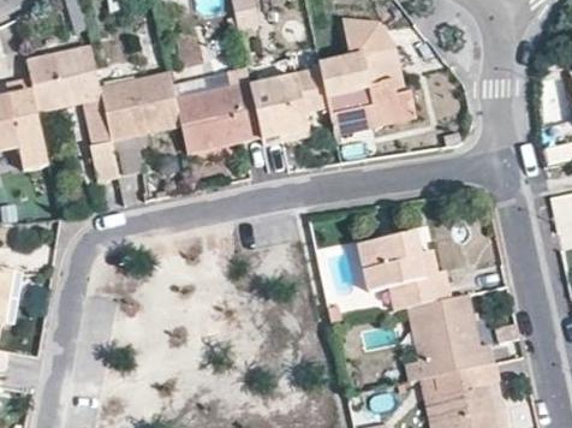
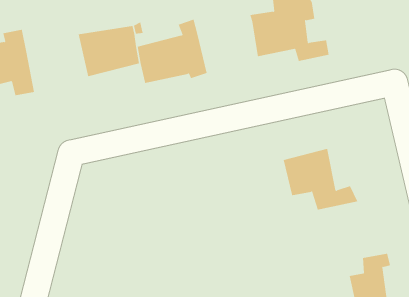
building: [28,49,118,182] -> none
building: [252,70,329,143] -> none
building: [415,293,491,374] -> none

